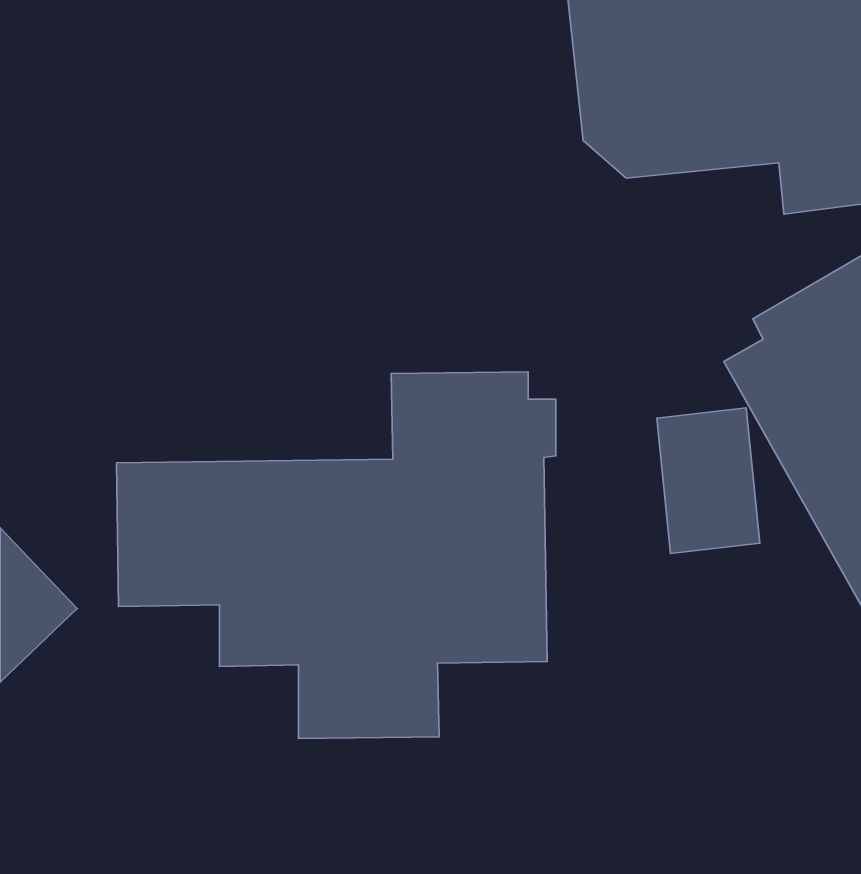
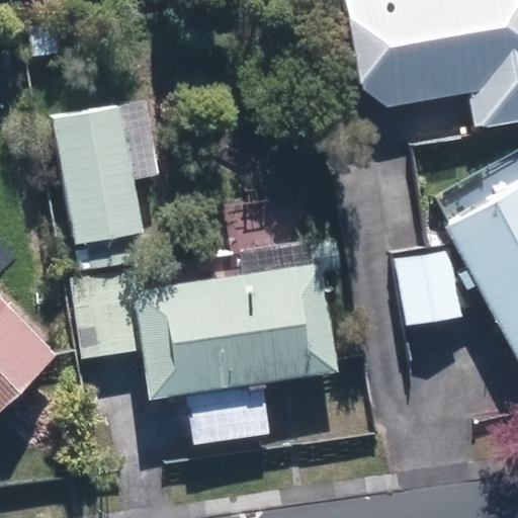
building: none -> [52,100,162,270]

